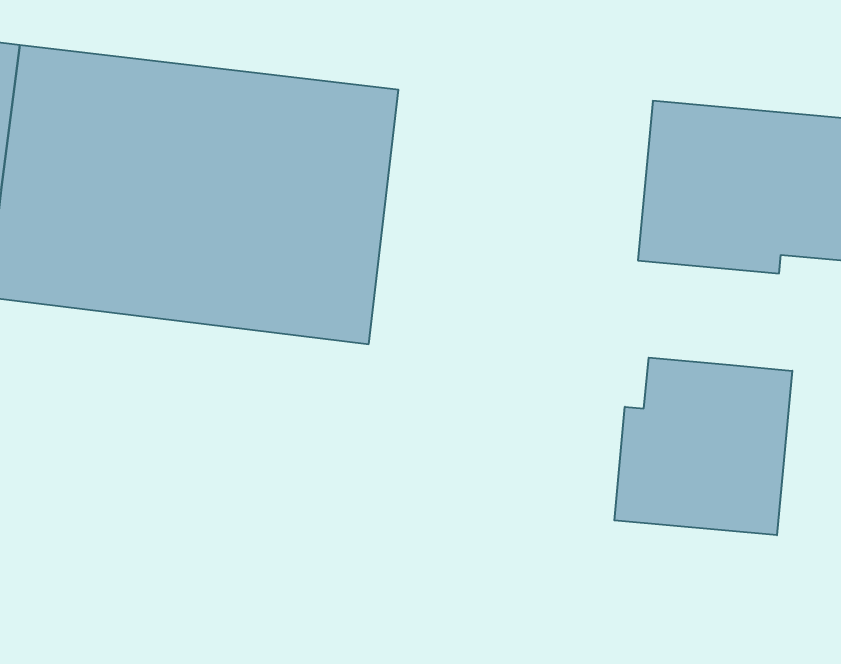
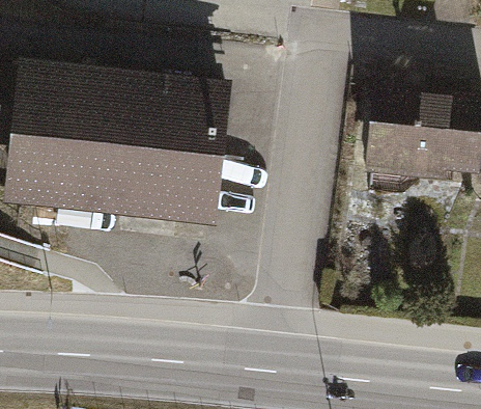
building: [614,358,792,535] -> none

